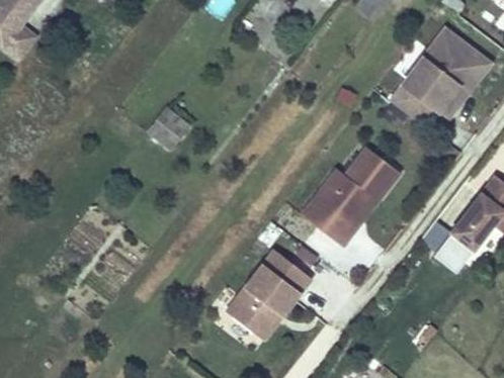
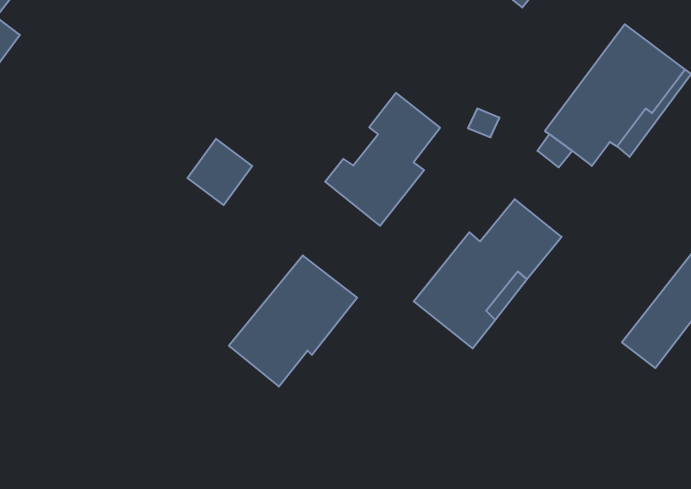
building: none -> [325,93,440,226]
building: [227,248,313,336] -> [229,255,357,387]

